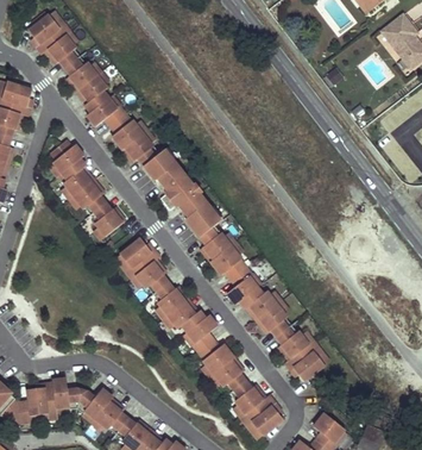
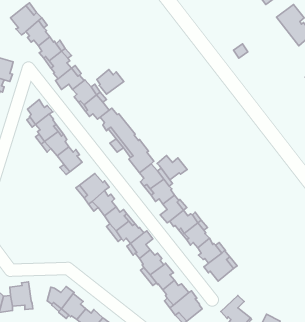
building: none -> [97,70,124,94]
building: none -> [157,155,187,180]
building: [51,377,81,408] -> none

